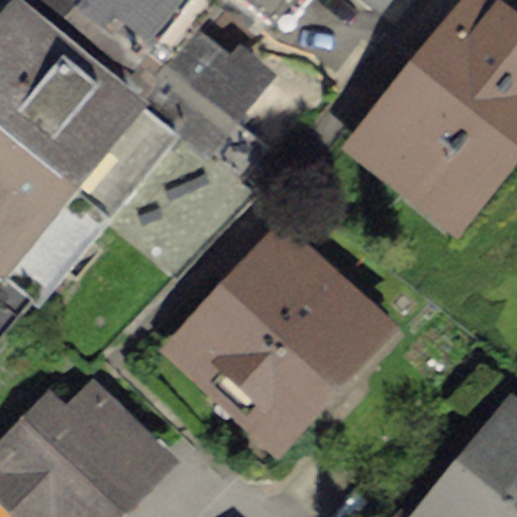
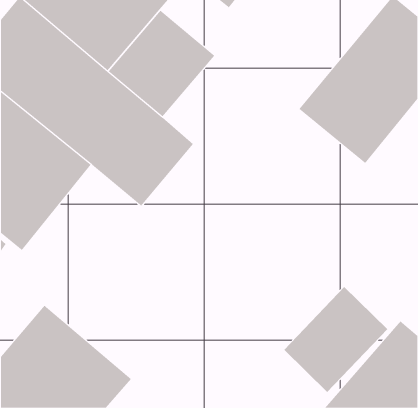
building: [174,229,374,430] -> none
building: none -> [283,286,388,393]

